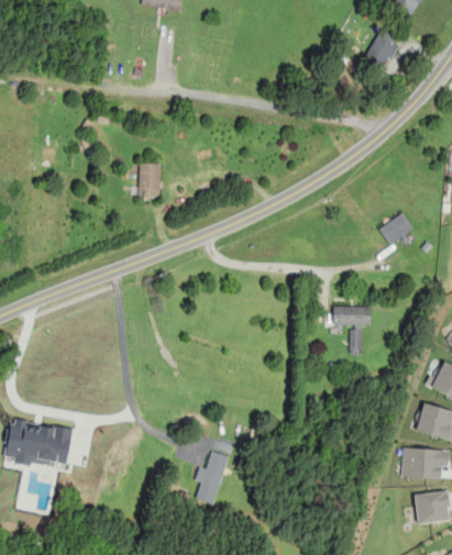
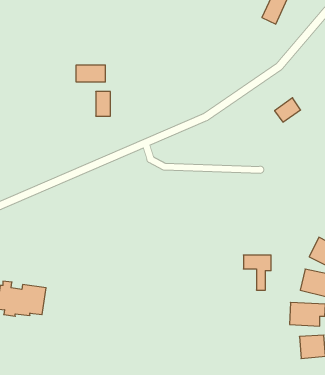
building: none -> [76,65,105,82]
building: [378,211,414,244] -> [275,98,301,122]
building: [333,306,371,353] -> [243,255,271,290]
building: [195,451,230,503] -> none

